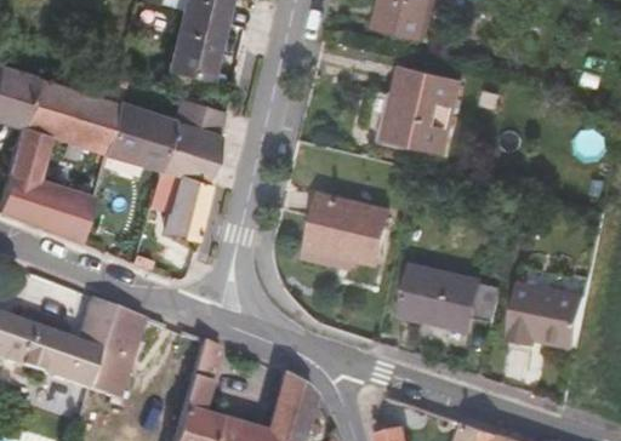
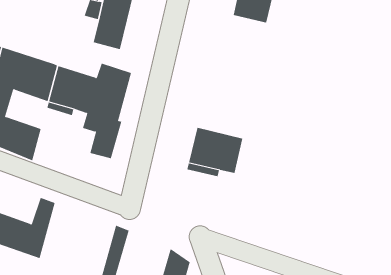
building: [386,68,463,153] -> none
building: [403,264,503,330] -> none
building: [509,281,589,346] -> none
building: [89,307,146,400] -> none

